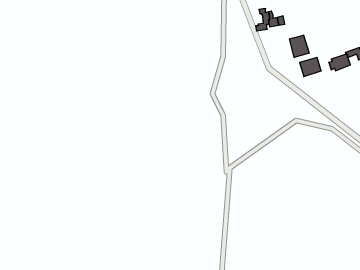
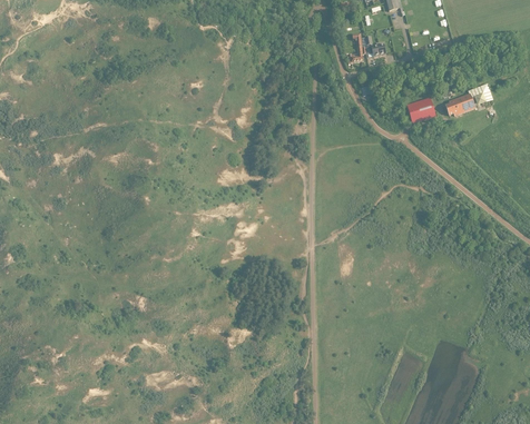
building: [289,35,309,58] -> none

